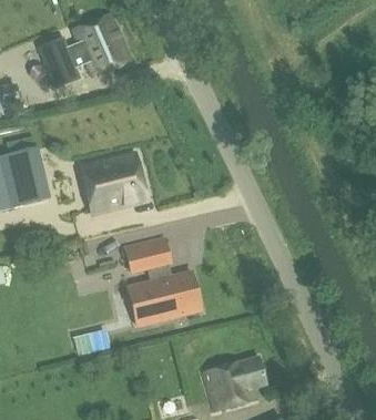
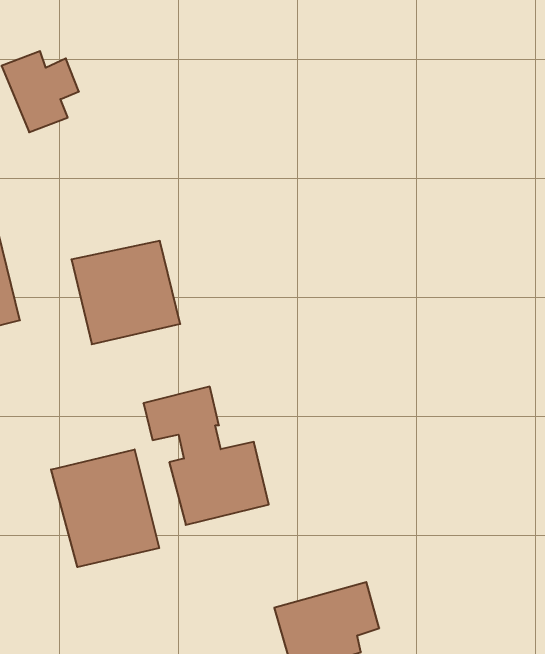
building: [72,13,130,75] -> none
building: none -> [51,449,159,567]

